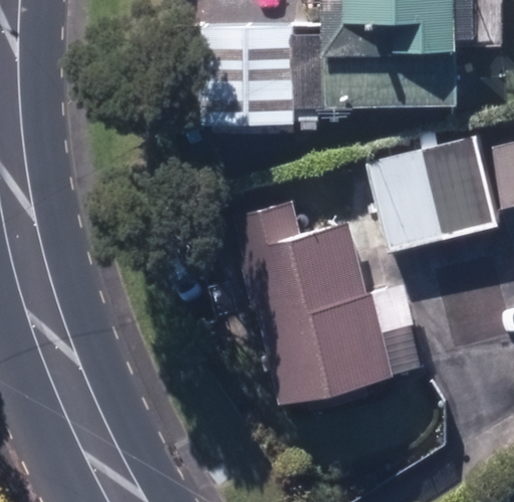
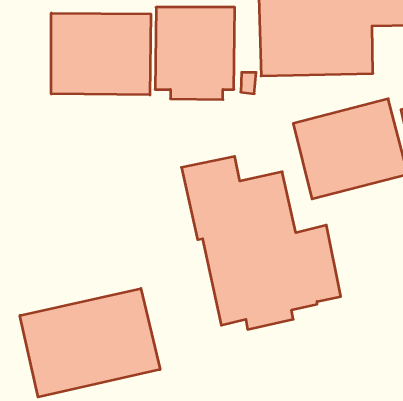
building: none -> [51,13,151,95]
building: none -> [20,288,160,397]

